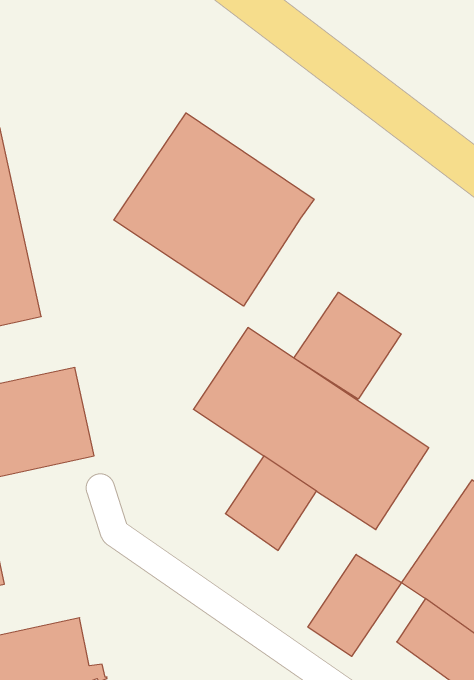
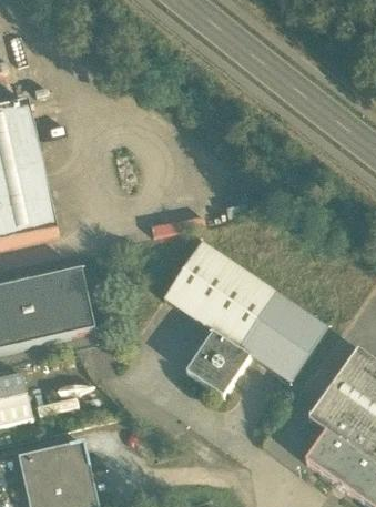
building: [114,113,314,306] -> none
building: [294,292,401,399] -> none
building: [308,554,401,656] -> none

